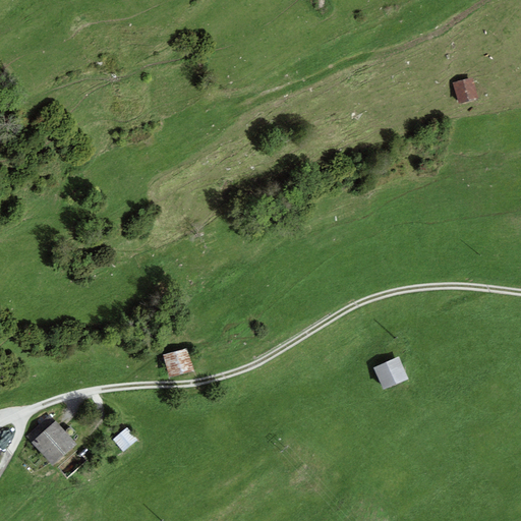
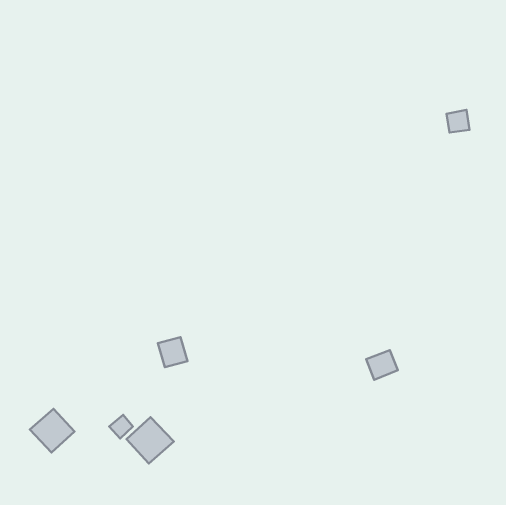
building: [455,79,478,103] -> [447,110,469,133]
building: none -> [127,417,174,463]

